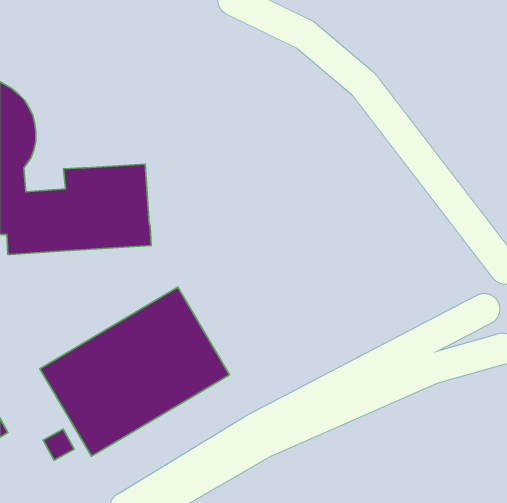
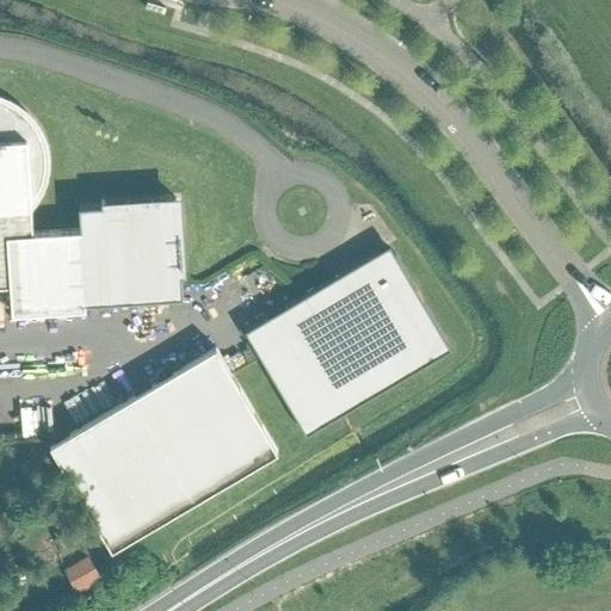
building: none -> [245,248,451,438]
building: [43,429,74,460] -> [62,561,99,598]

